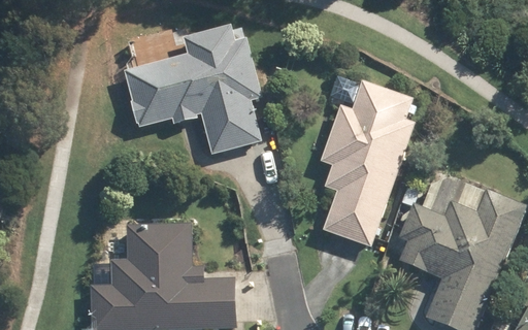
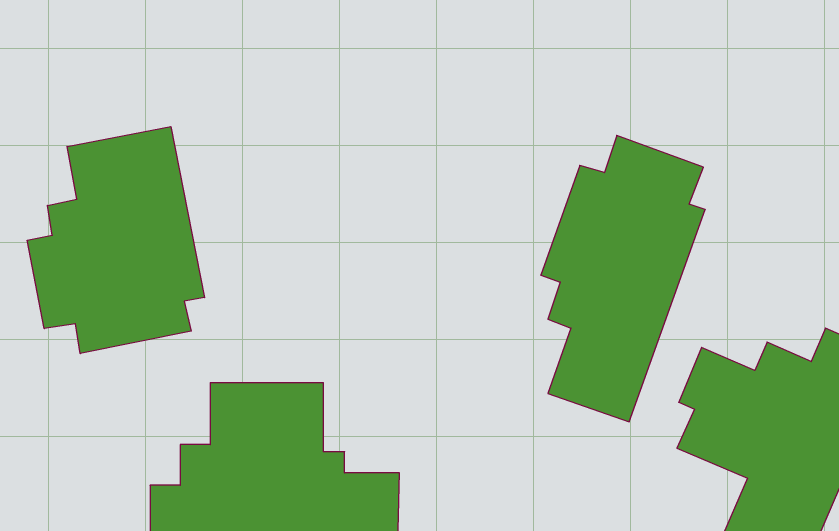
building: [123,21,261,154] -> none
building: none -> [27,127,205,354]

